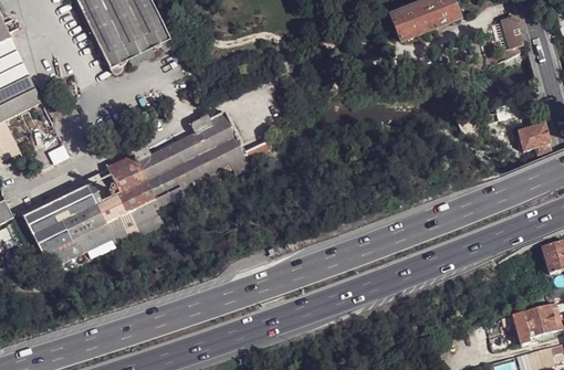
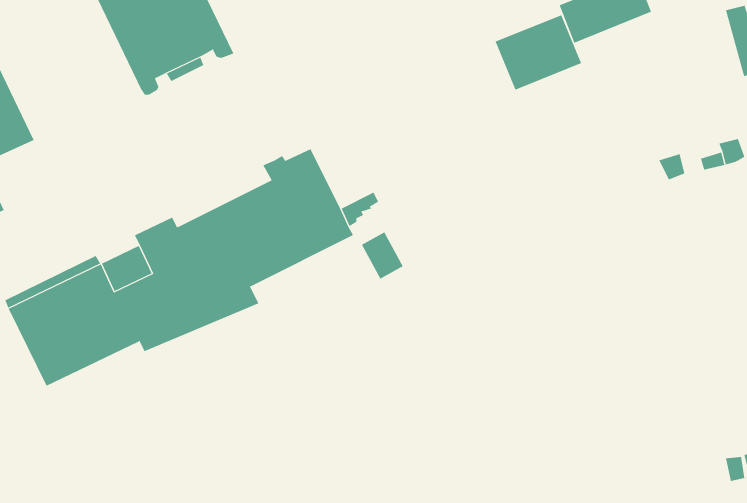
building: none -> [495,14,582,91]
building: none -> [361,231,404,279]

